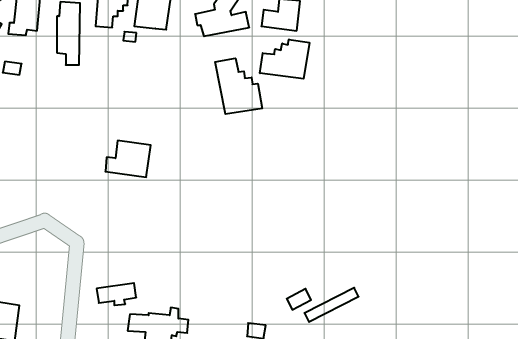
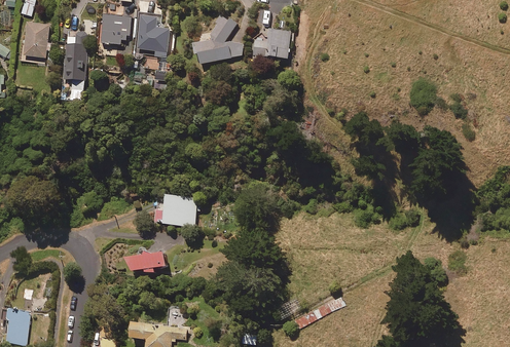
building: [260,39,309,79] -> none
building: [215,58,262,114] -> none
building: [105,141,151,177] -> [155,193,197,227]
building: [97,283,136,305] -> [129,252,166,272]

